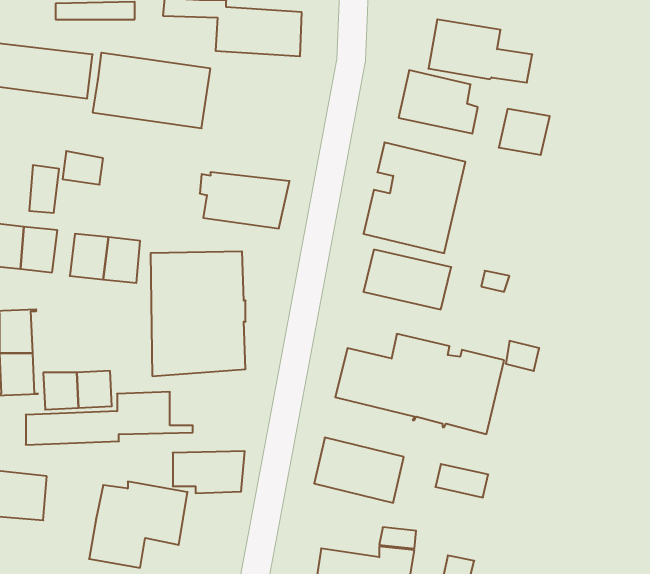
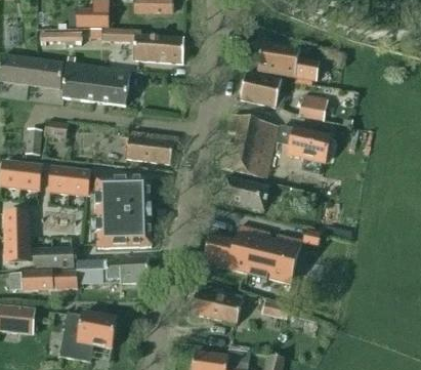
building: none -> [277,124,331,172]
building: [173,451,245,493] -> [107,257,149,282]

